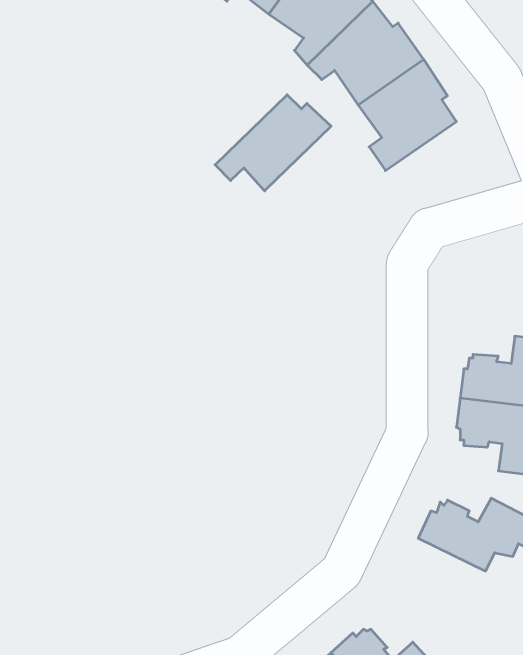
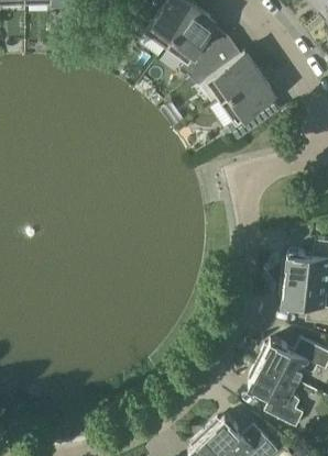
building: [215,95,331,191] -> none
building: none -> [248,362,303,426]

